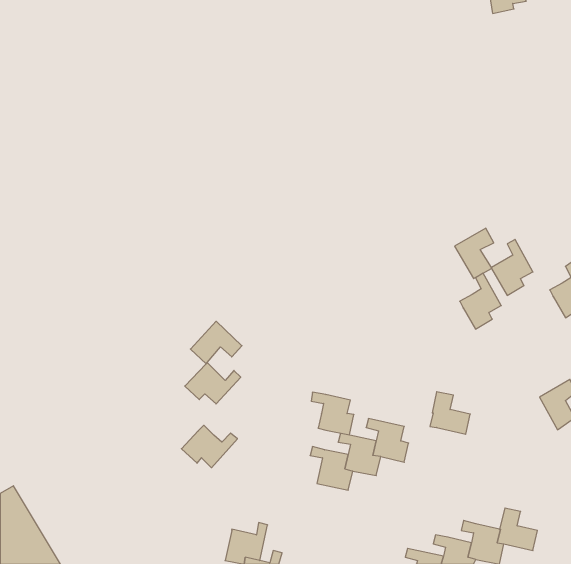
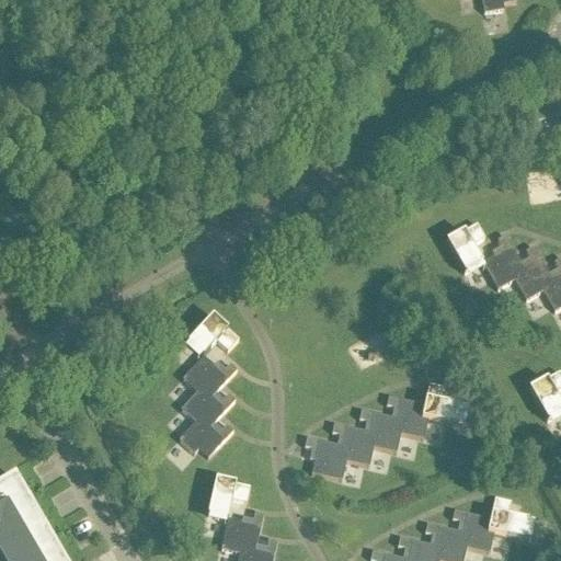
building: [460,273,501,329] -> [511,245,551,300]
building: [311,392,354,435] -> [387,397,428,438]
building: none -> [181,386,234,426]
building: none -> [207,479,249,519]

